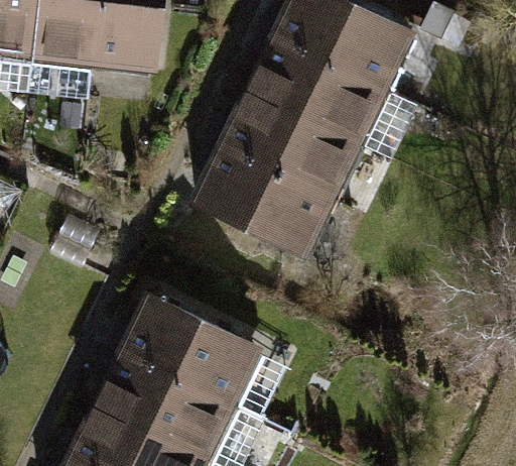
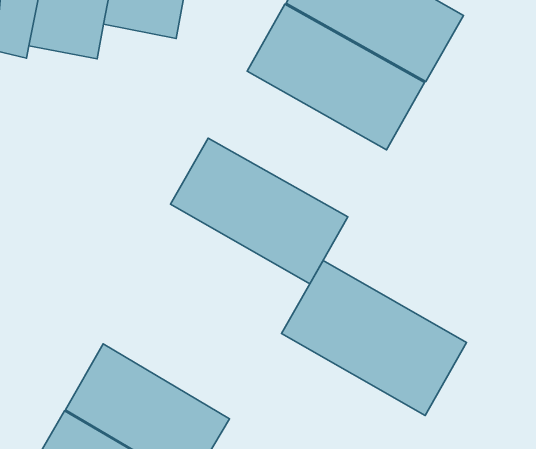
building: [200,97,358,218] -> none
building: none -> [282,261,466,415]
building: [124,288,270,405] -> none

